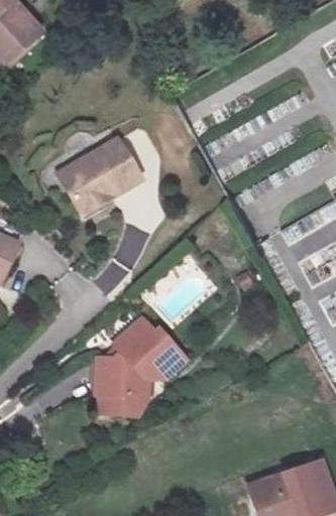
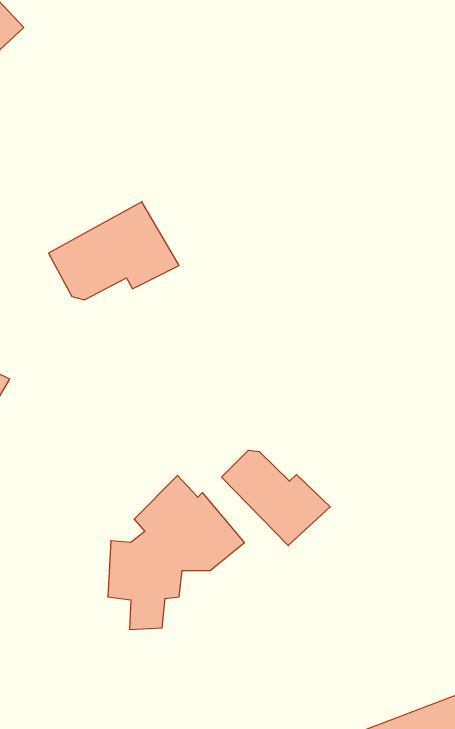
building: none -> [222,450,330,546]

